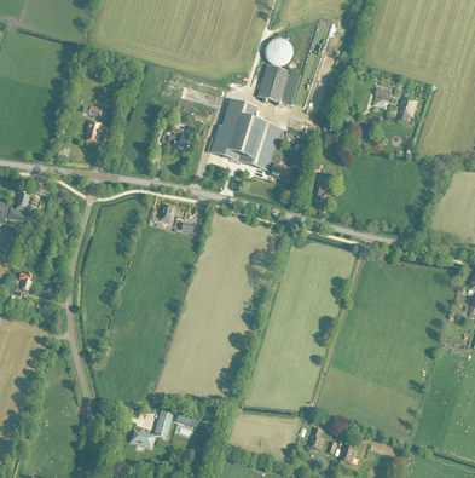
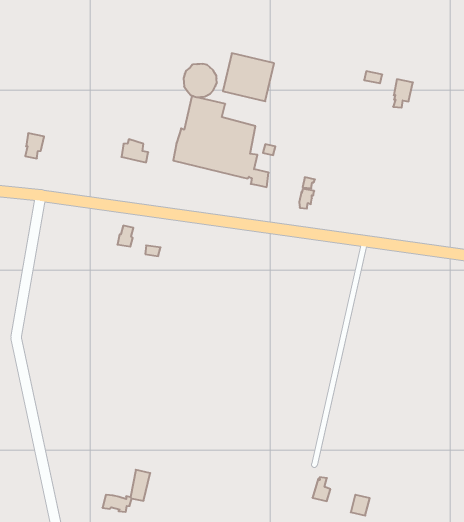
building: [265,38,292,65] -> [184,64,217,97]

